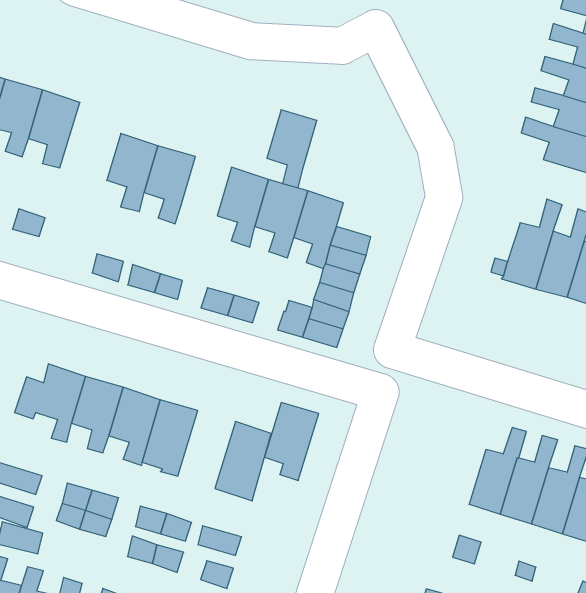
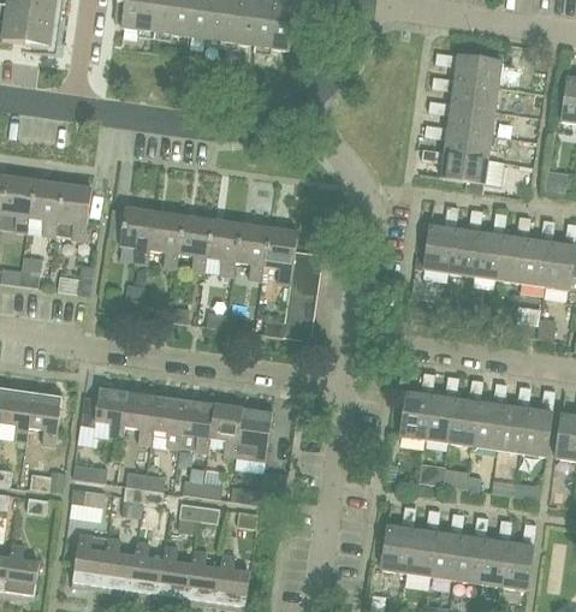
building: [267,110,317,188] -> [178,215,210,271]
building: [264,403,319,481] -> [208,402,243,457]
building: none -> [399,374,434,439]

